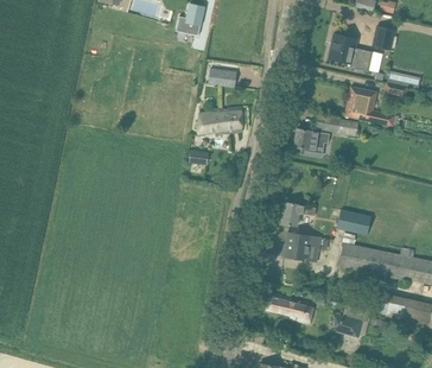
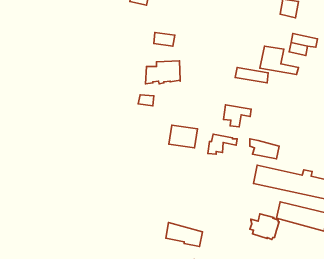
building: [328,33,367,71] -> none
building: [293,128,329,157] -> [224,105,251,127]
building: [284,233,320,262] -> [169,125,197,148]
building: [266,292,313,323] -> [166,223,202,246]

